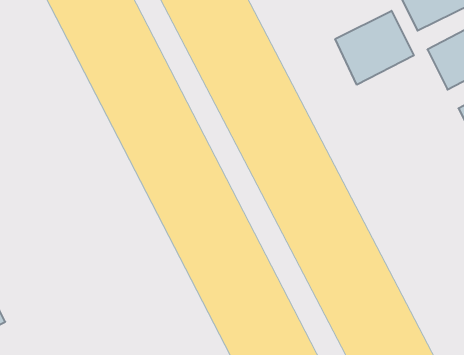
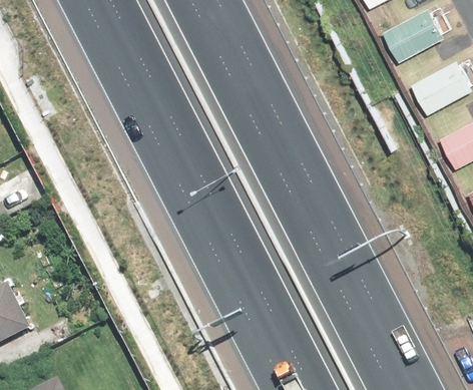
building: [335,11,414,85] -> none

